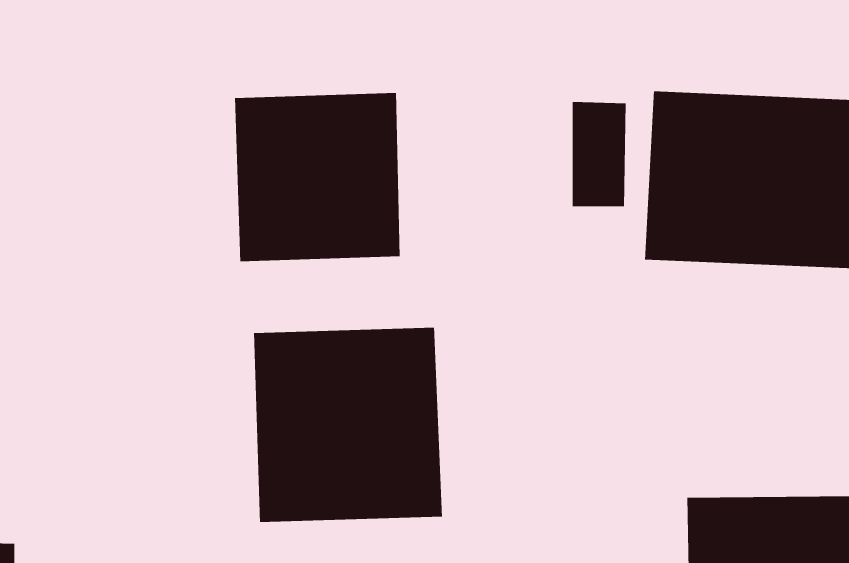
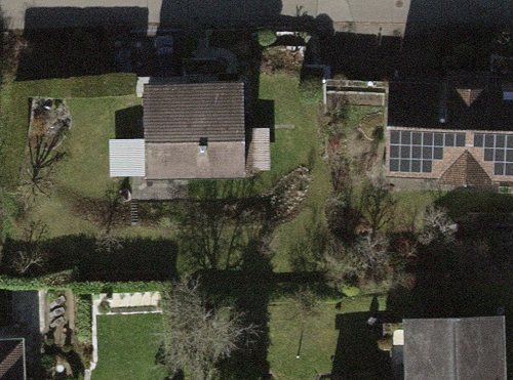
building: [253,327,443,523] -> none

